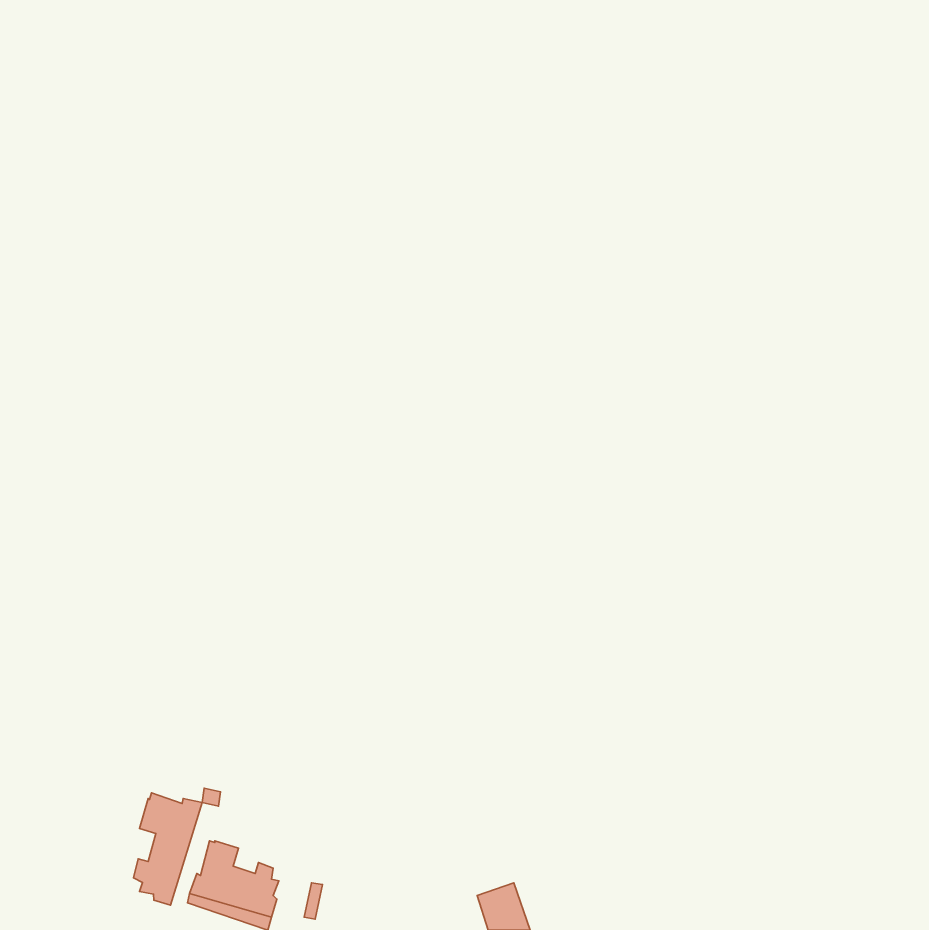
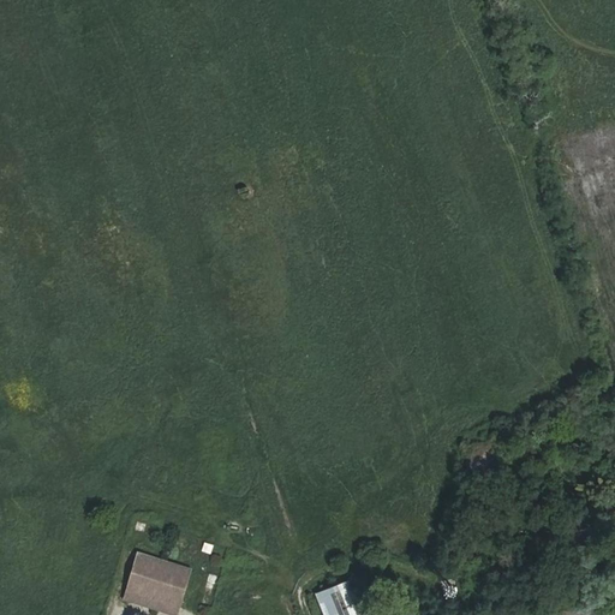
building: [133,793,202,905] -> none

